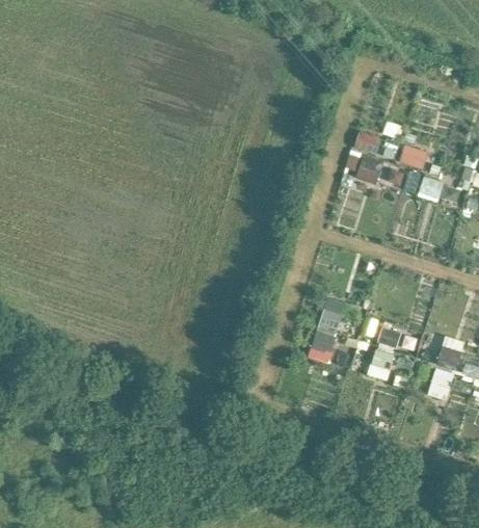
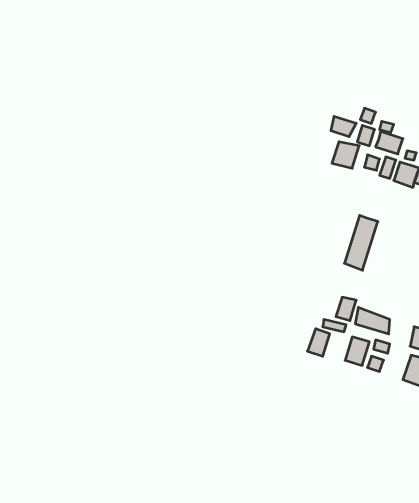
building: [311,302,345,359] -> [344,215,378,270]

